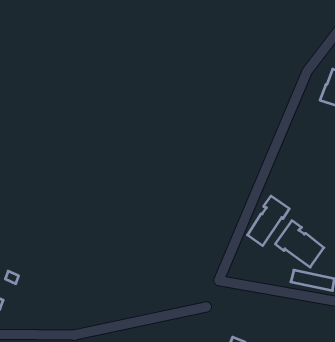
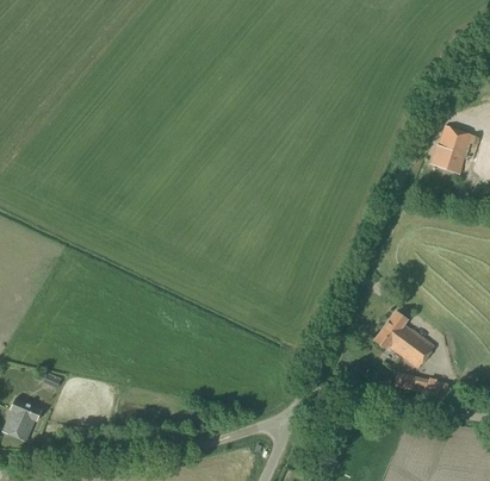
building: [247,196,289,246] -> none

